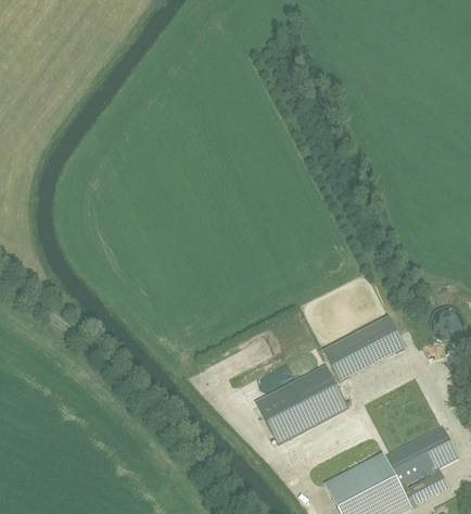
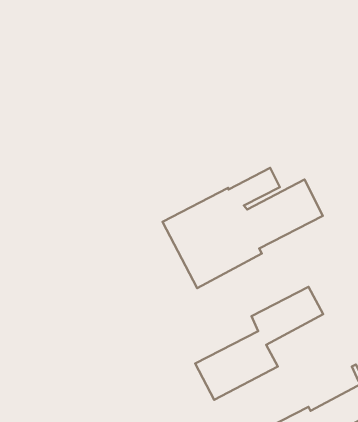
building: none -> [162,168,323,288]

